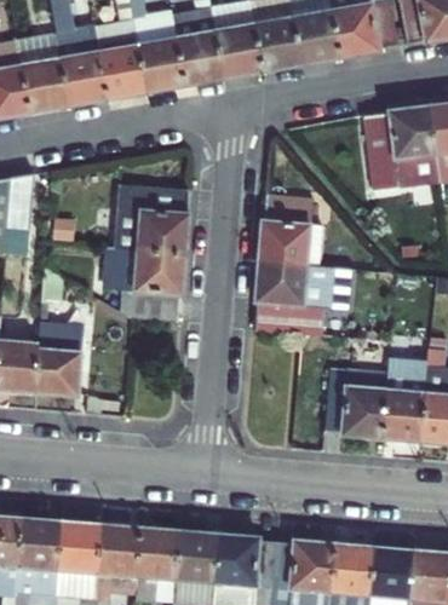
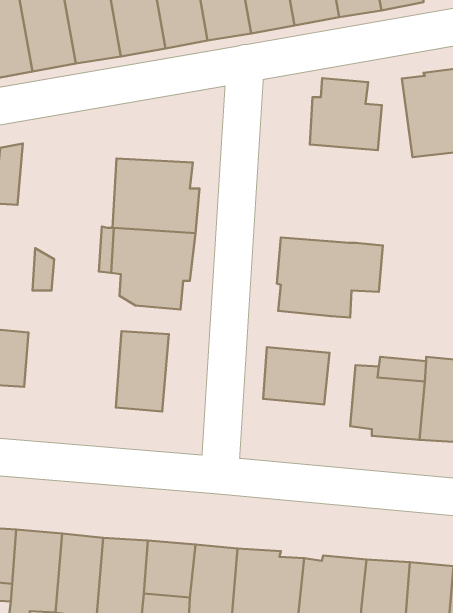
building: [262,198,326,263] -> [310,78,382,150]
building: [33,323,80,394] -> [116,331,169,411]
building: none -> [263,347,329,405]

